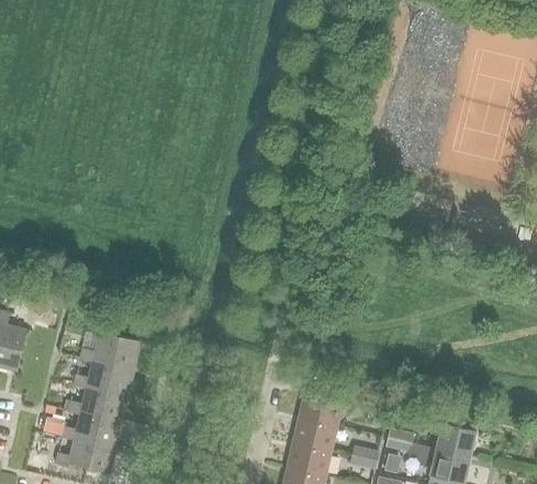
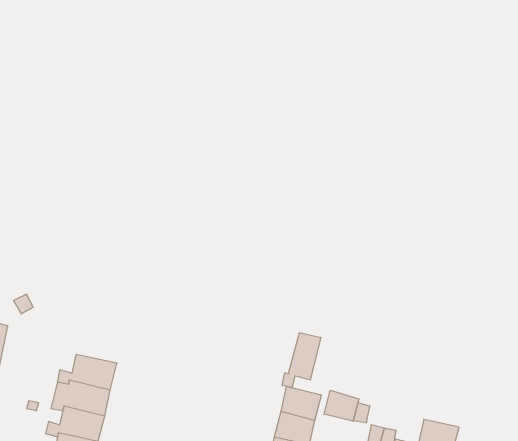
building: [81,331,141,368] -> none
building: none -> [282,333,321,388]
building: none -> [324,390,359,421]

